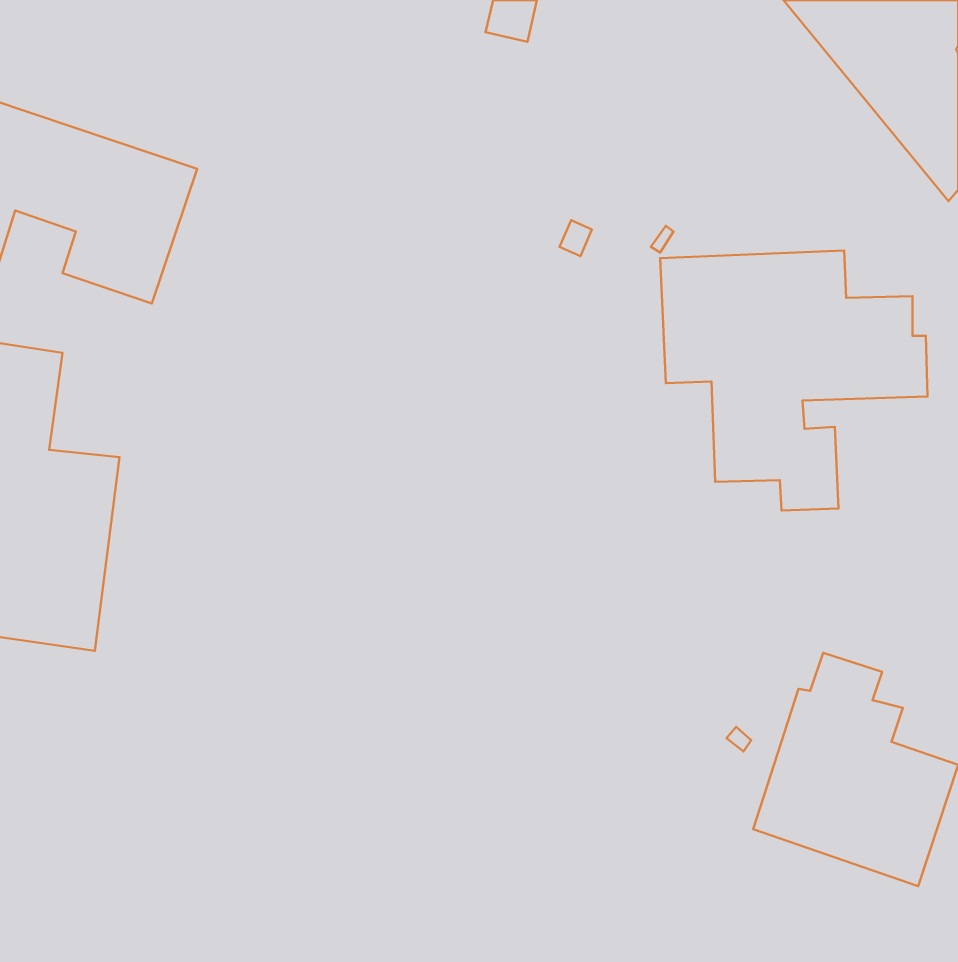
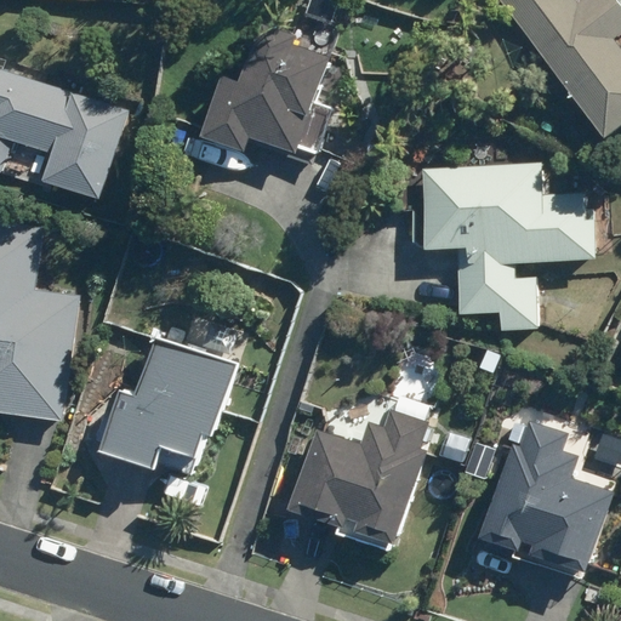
building: none -> [201,27,330,166]
building: none -> [102,337,235,465]
building: none -> [290,411,427,541]

